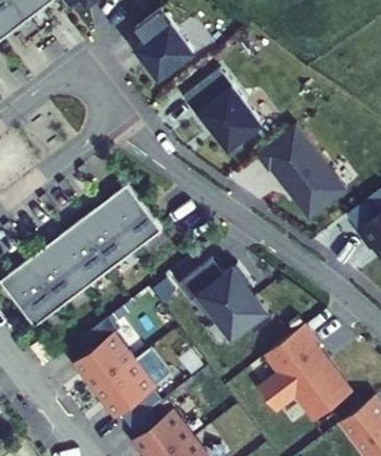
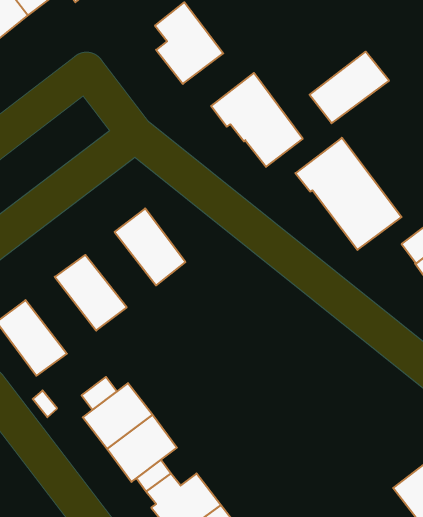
building: none -> [310,52,389,123]
building: [77,204,137,268] -> none
building: [26,242,86,307] -> none
building: [179,258,273,337] -> none
building: [258,323,351,421] -> none

